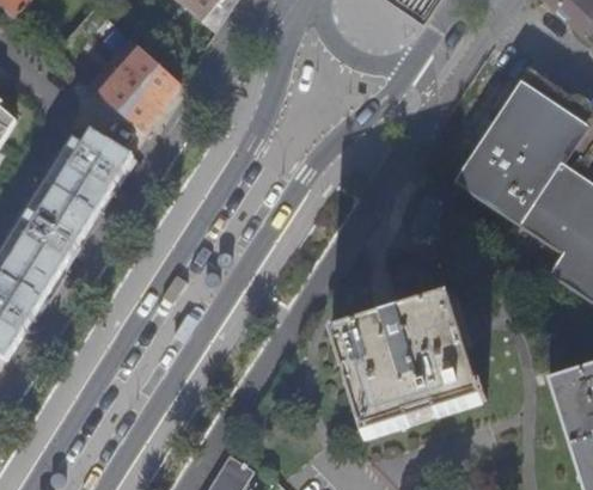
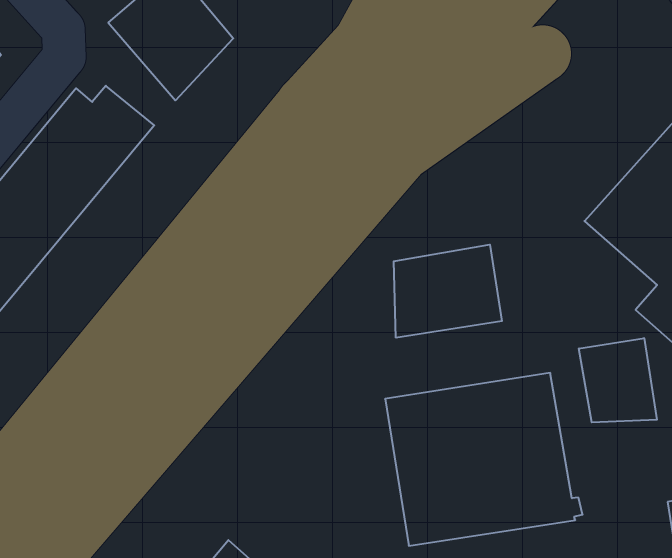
building: none -> [394,245,502,338]
building: none -> [579,338,657,422]

